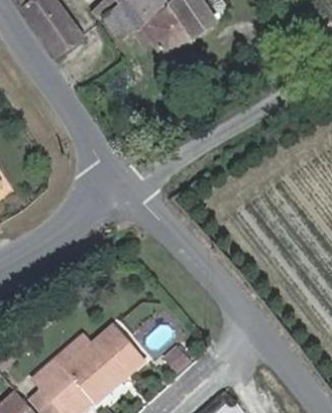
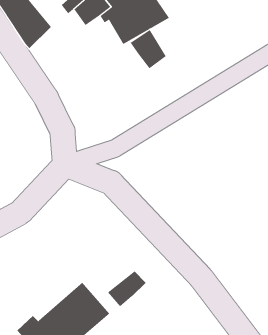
building: none -> [130,29,166,69]
building: none -> [107,270,147,307]

